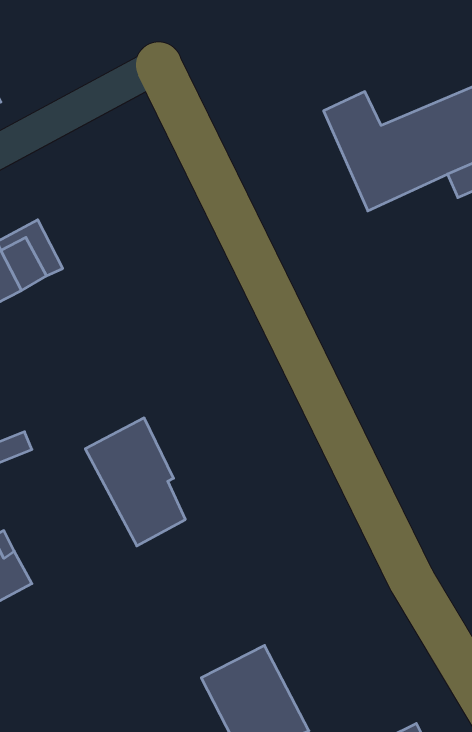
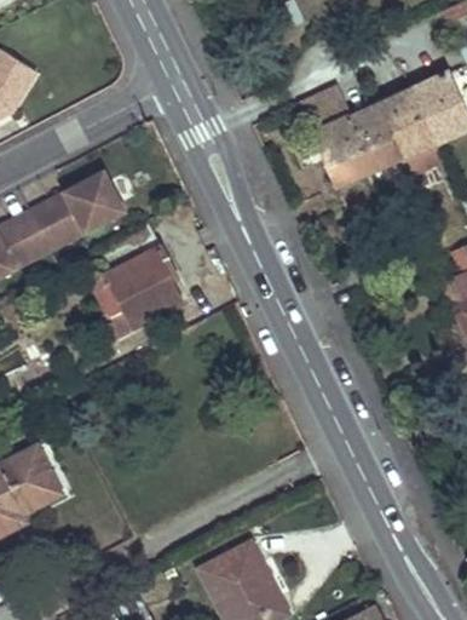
building: none -> [65,171,127,232]
building: [85,418,185,546] -> [93,224,175,329]

